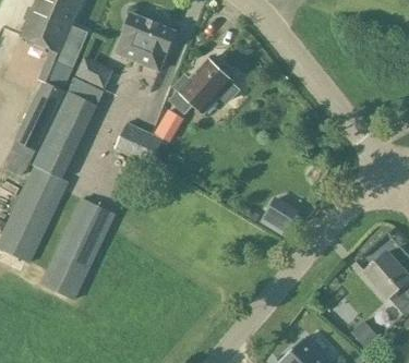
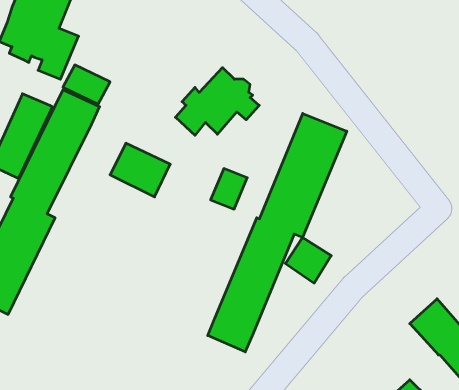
building: [115,13,176,72] -> none
building: none -> [208,113,347,352]
building: [153,106,183,140] -> [211,169,247,209]
building: [39,197,116,300] -> none

